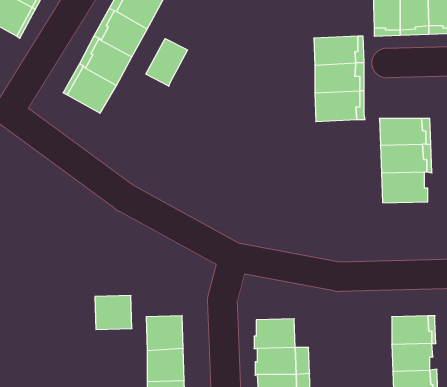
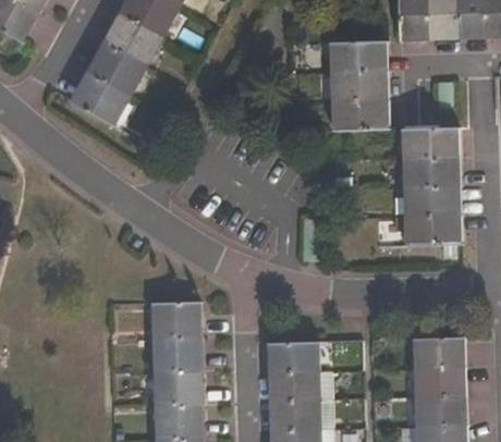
building: [146,39,188,86] -> none
building: none -> [408,217,457,246]
building: [95,296,132,329] -> [157,303,196,339]

